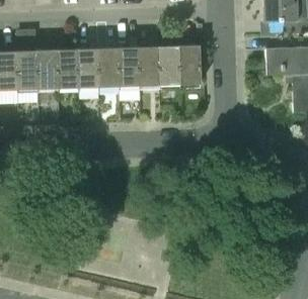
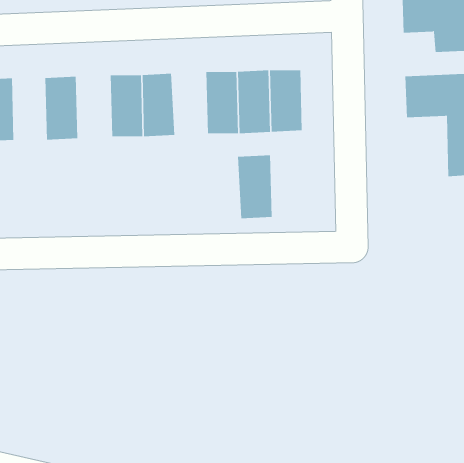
building: [118,45,140,86] -> [237,155,272,219]
building: [57,47,79,88] -> none
building: [16,49,37,89] -> none

